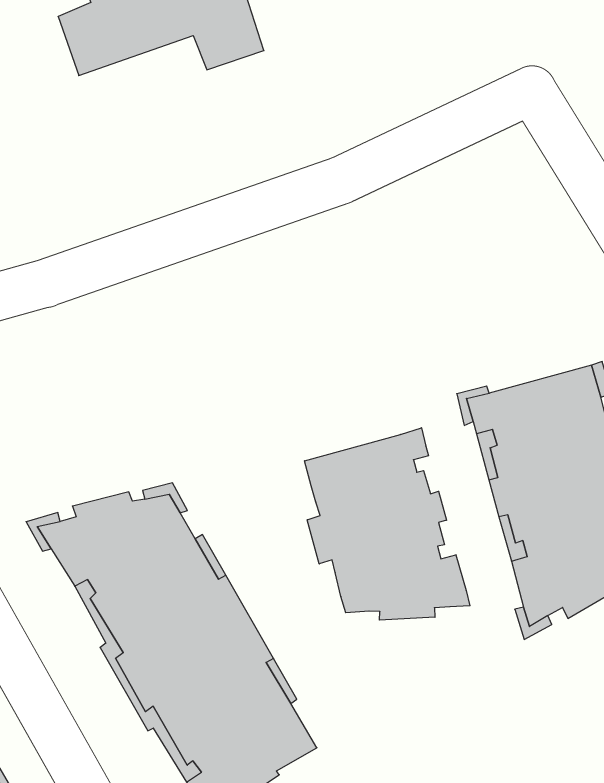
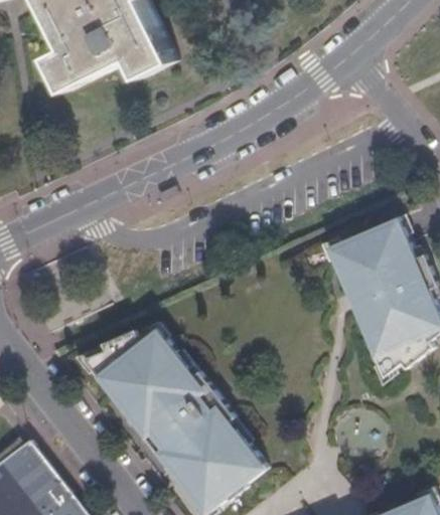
building: [305,428,470,620] -> none

